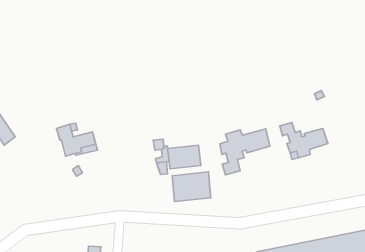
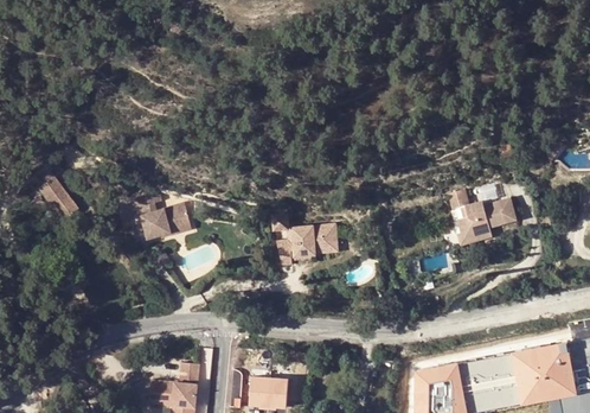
building: [220,129,270,175] -> none
building: [172,172,211,202] -> none

